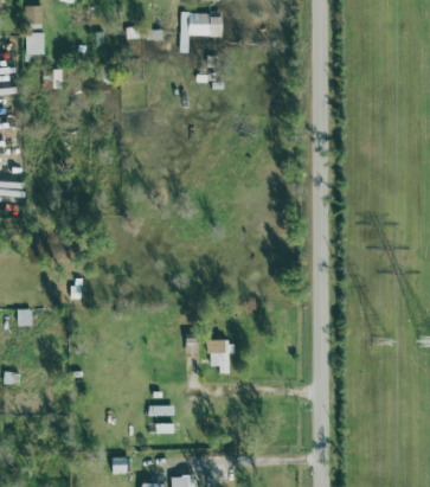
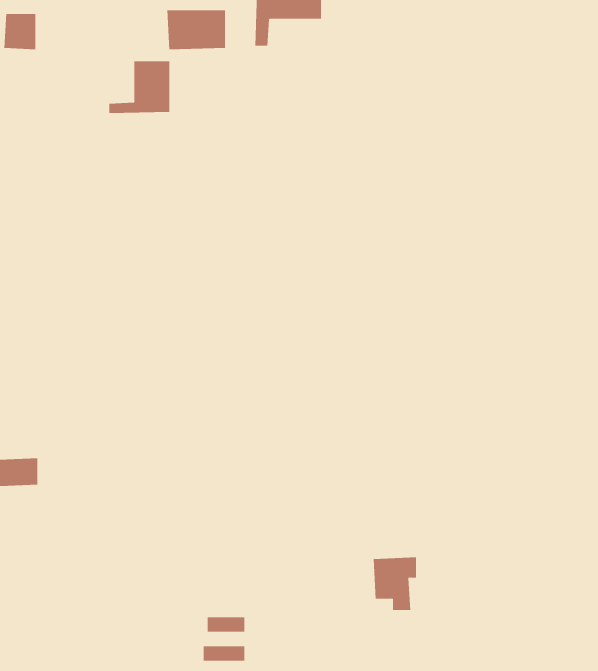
building: none -> [109,61,170,114]
building: [207,340,235,373] -> [373,557,417,611]

